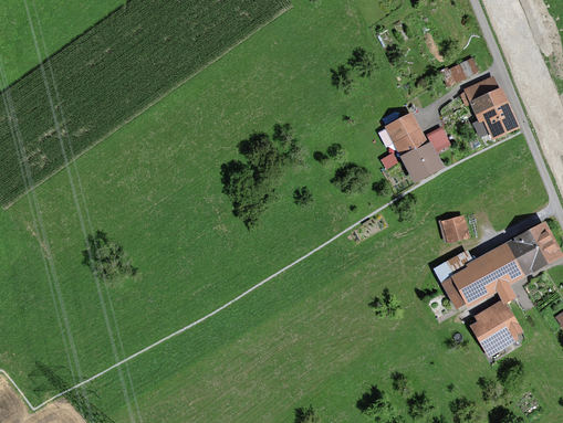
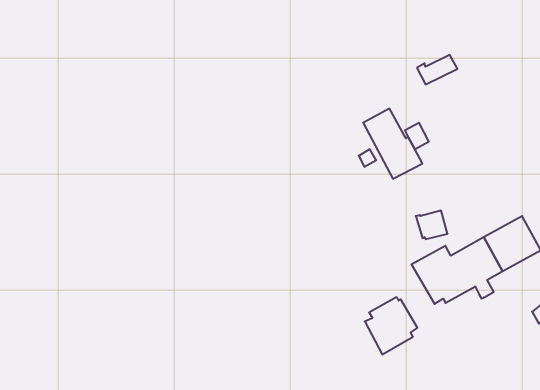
building: [459,76,520,141] -> none
building: [469,300,522,358] -> [365,297,417,354]

